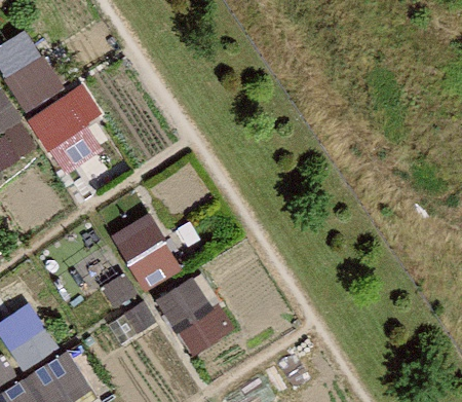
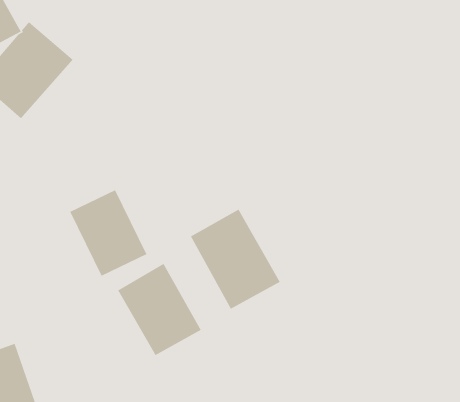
building: none -> [190,208,281,310]

